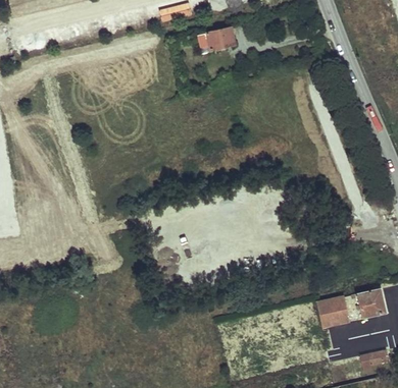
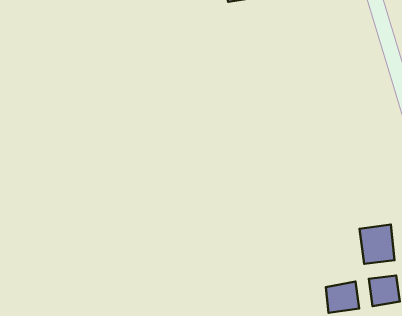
building: none -> [360,225,394,264]

